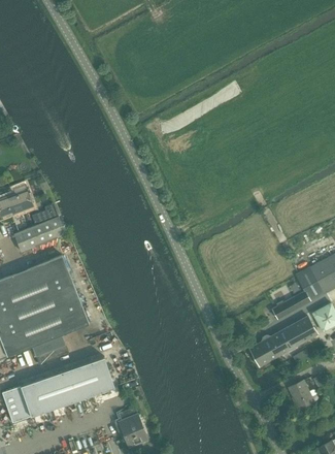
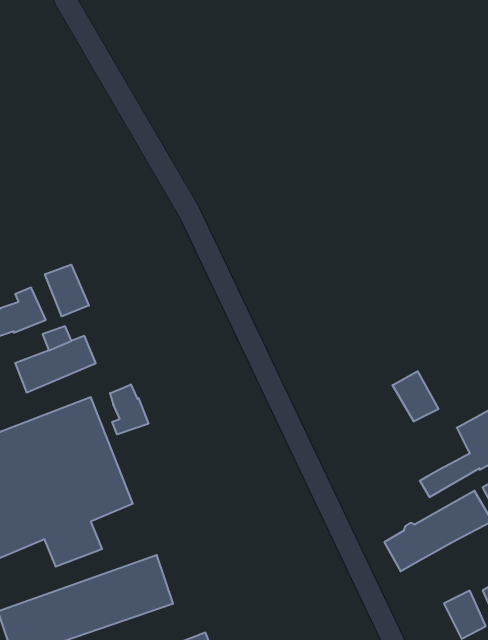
building: none -> [45,265,89,316]
building: none -> [392,371,438,422]
building: none -> [110,384,148,434]

